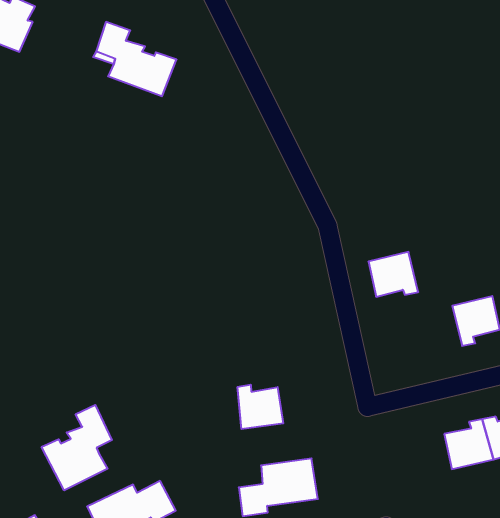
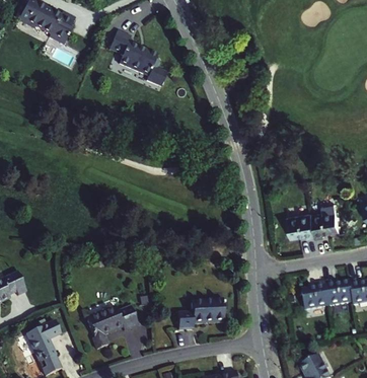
building: [368,252,418,297] -> [288,212,316,237]
building: [238,385,283,429] -> none
building: [42,405,112,490] -> none

